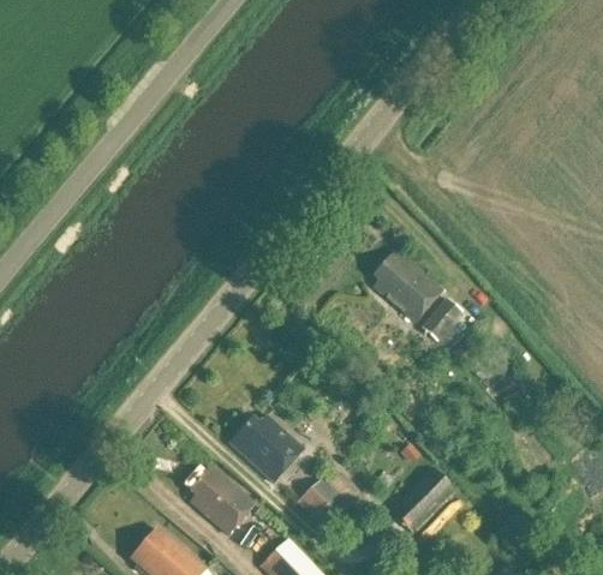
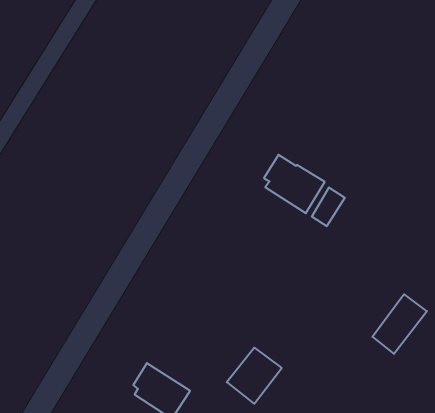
building: [232,415,304,481] -> none
building: [390,467,456,533] -> [372,294,427,354]

